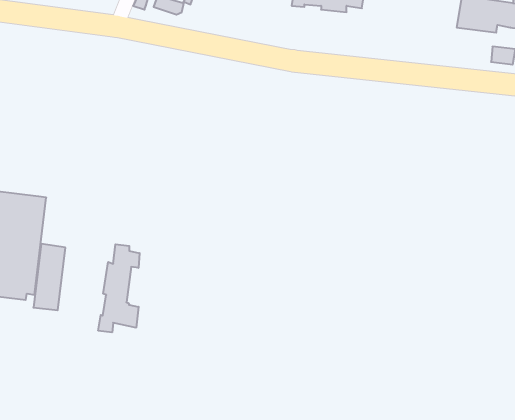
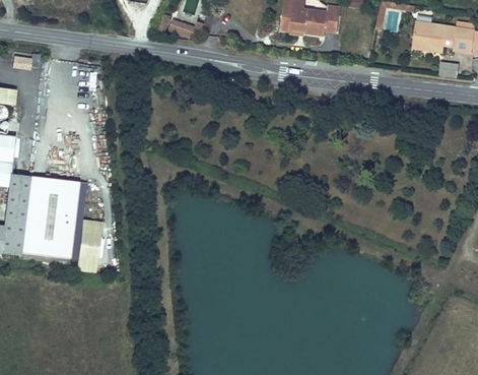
building: [98,244,140,332] -> none

